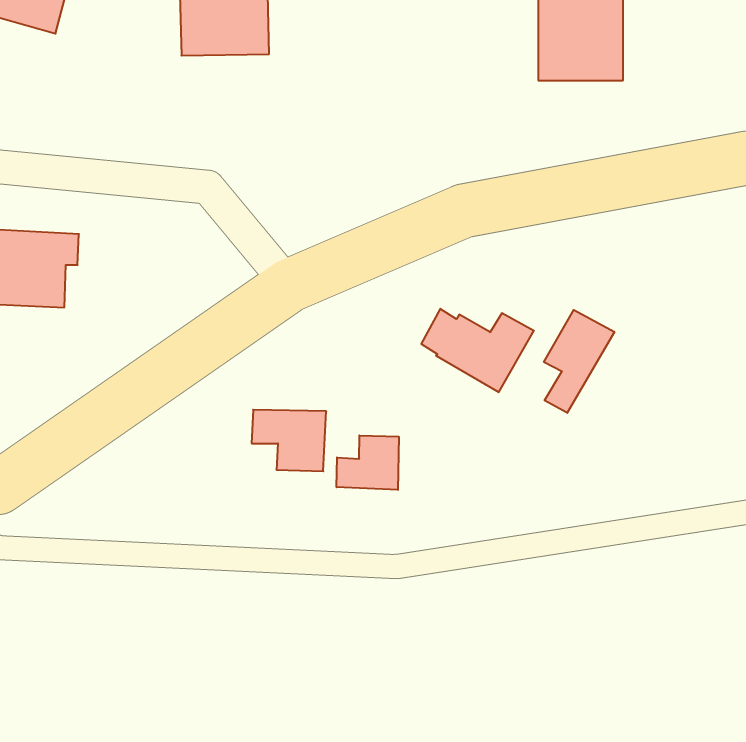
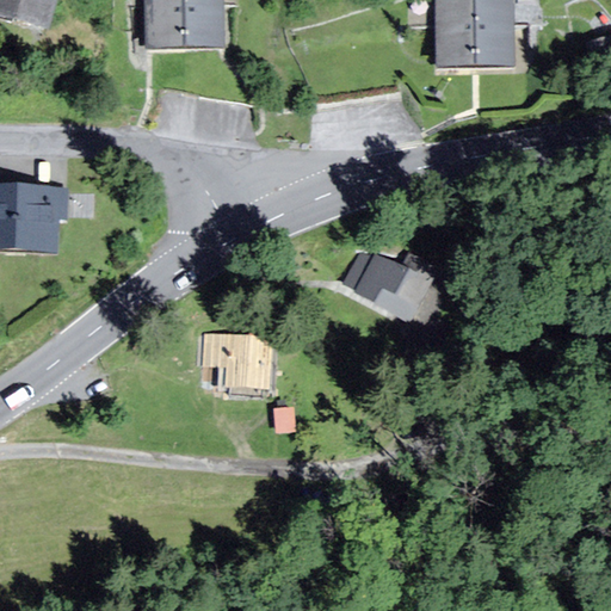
building: [544,310,614,413] -> none
building: [337,435,399,490] -> none

